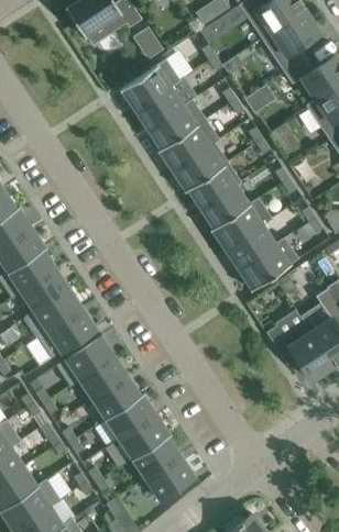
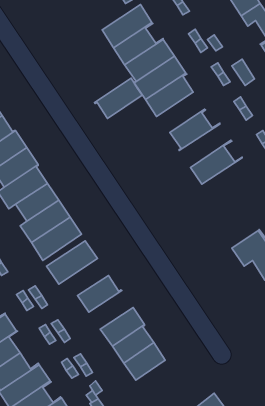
building: [185,162,241,209] -> [94,78,142,119]
building: [211,199,272,250] -> none
building: [238,239,299,290] -> none
building: [70,356,129,399] -> none
building: [106,394,157,439] -> none

